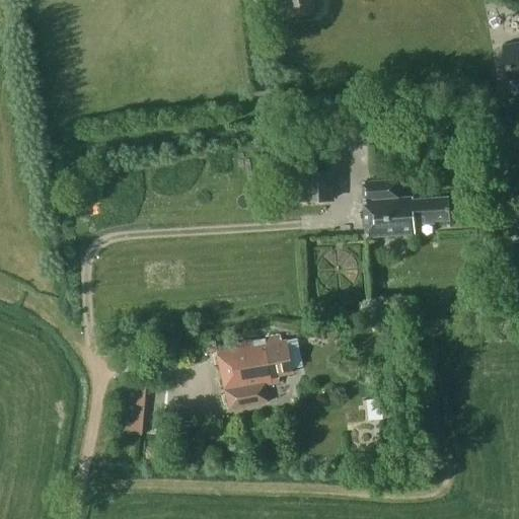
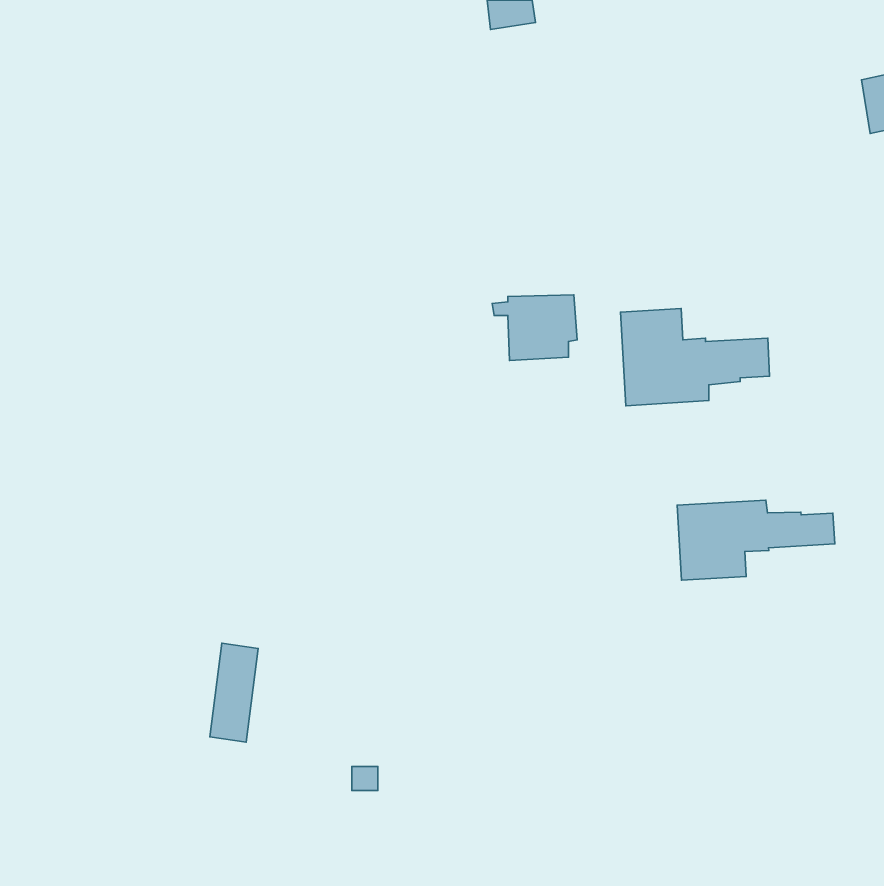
building: none -> [677,500,835,580]
building: [216,336,294,409] -> none

